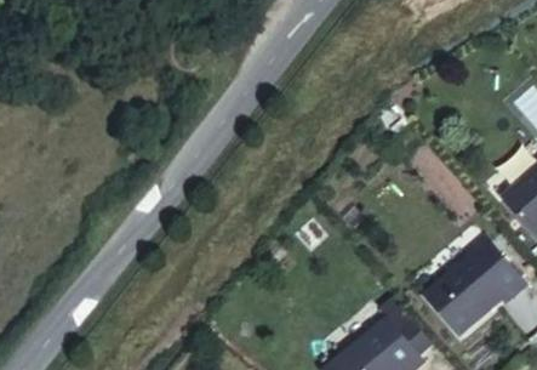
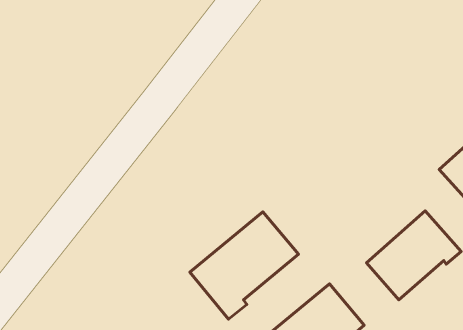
building: none -> [190,212,298,319]

